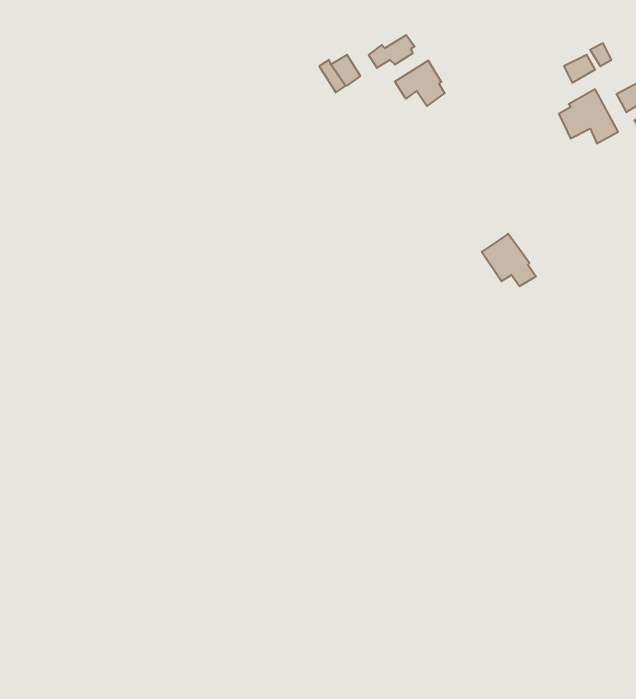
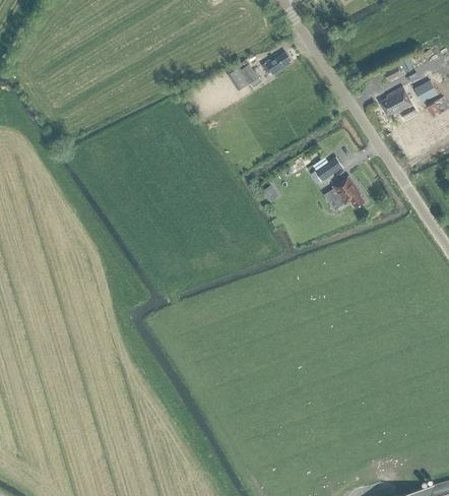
building: [395,60,445,106] -> none
building: none -> [313,152,343,183]

